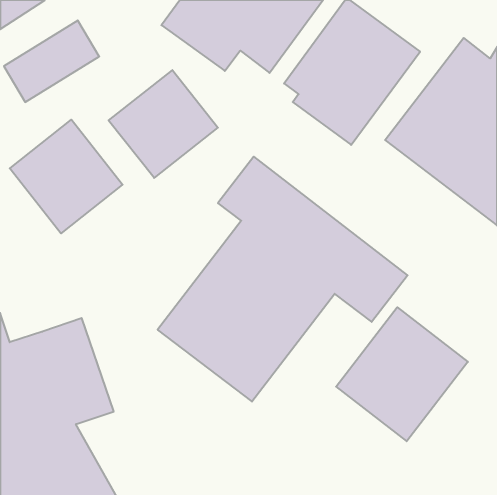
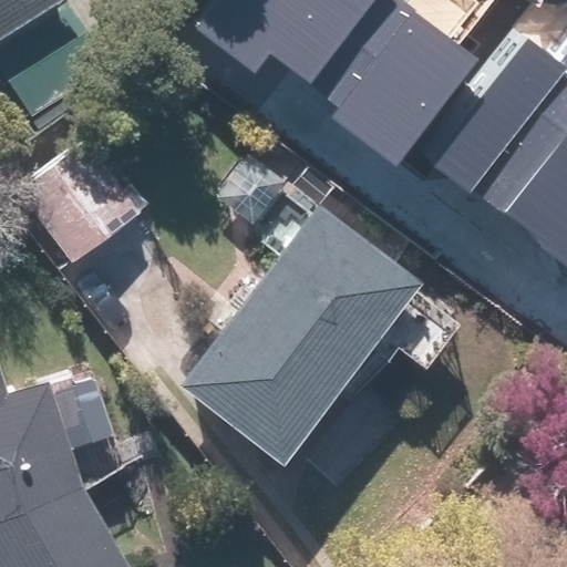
building: [109,70,218,178] -> none
building: [336,307,468,441] -> none

